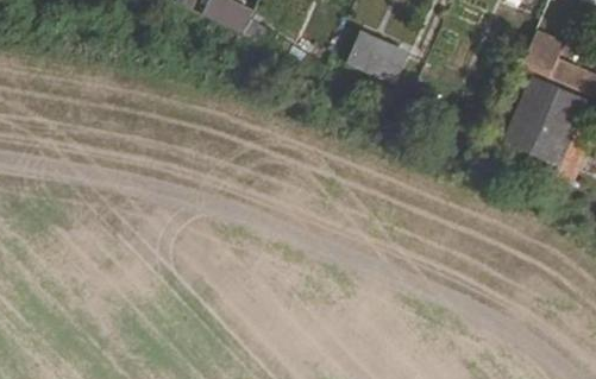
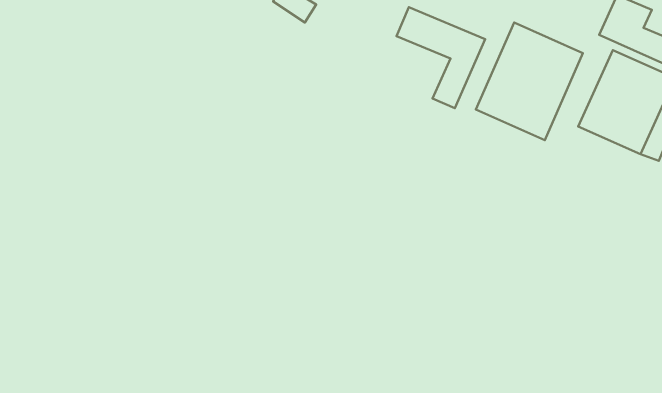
building: none -> [476,22,583,140]

